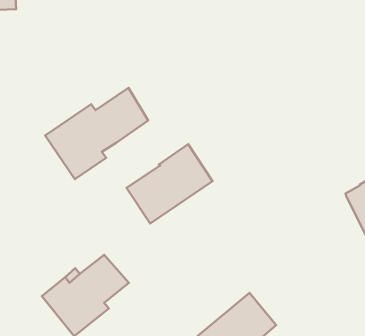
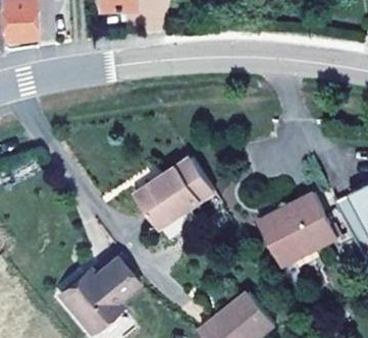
building: [45,88,148,179] -> none
building: none -> [260,192,338,266]

